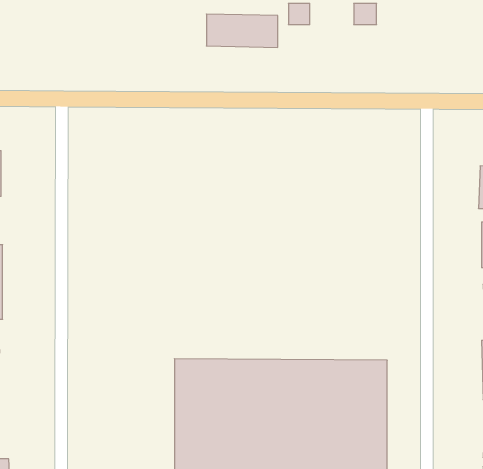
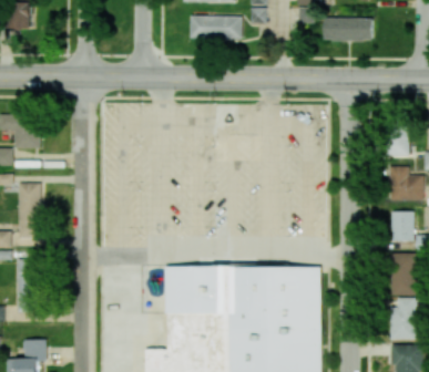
building: none -> [323,18,371,41]

